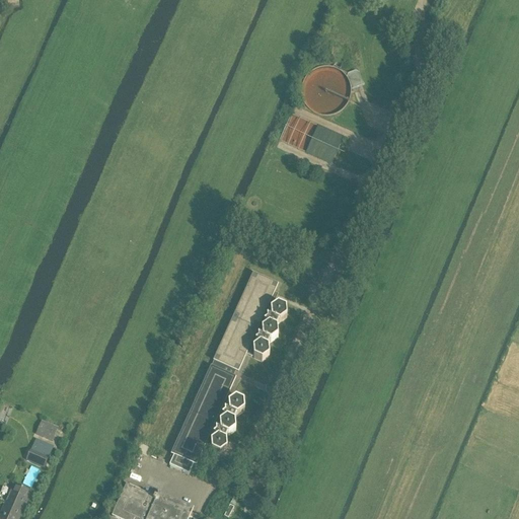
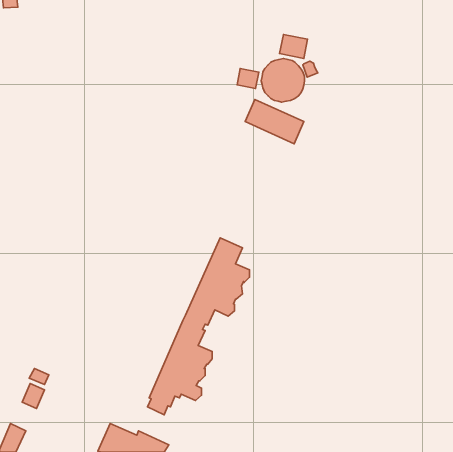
building: none -> [280,34,307,58]
building: none -> [237,68,259,89]

